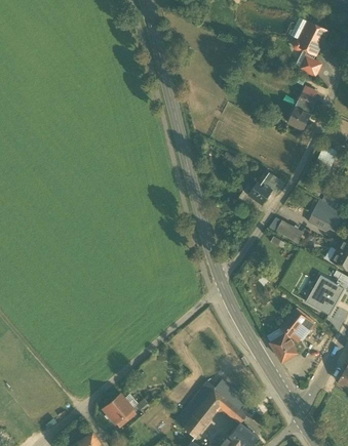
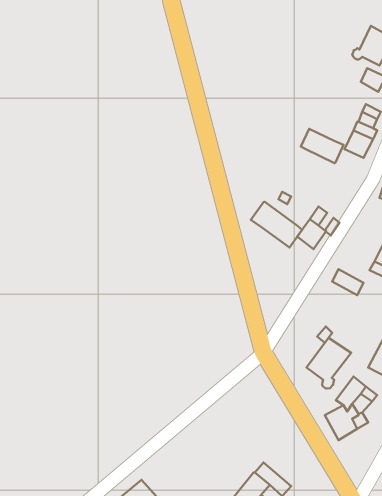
building: none -> [301,129,344,163]
building: none -> [251,202,302,248]
building: none -> [306,338,351,389]

